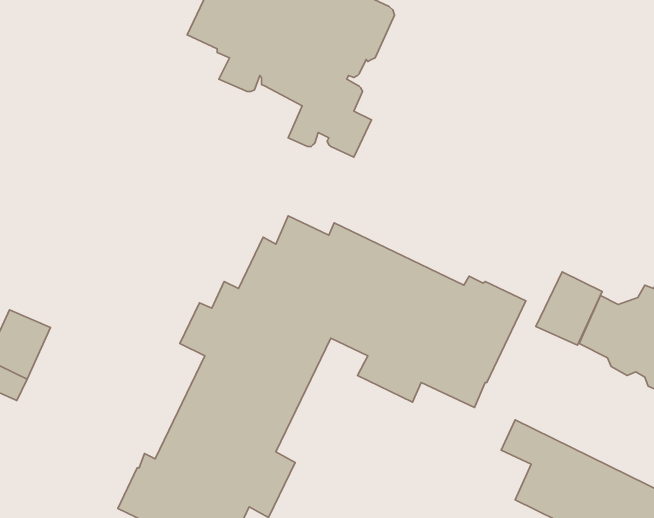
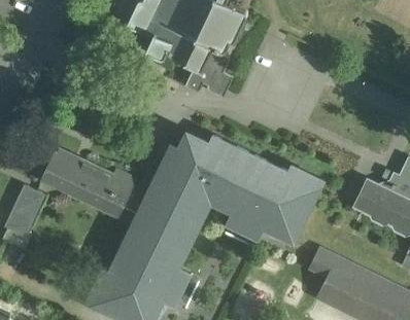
building: none -> [41,149,134,214]
building: [536,272,602,345] -> none

